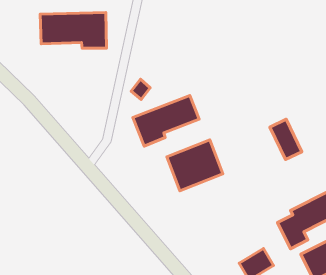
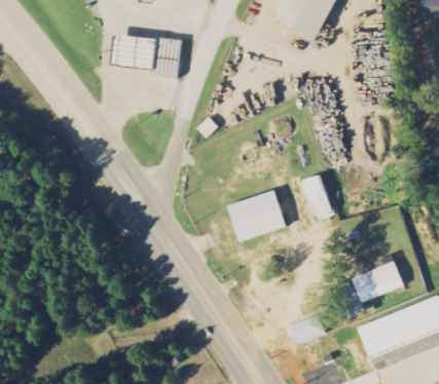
building: [133,95,199,146] -> none
building: [270,119,302,160] -> [301,174,332,217]

